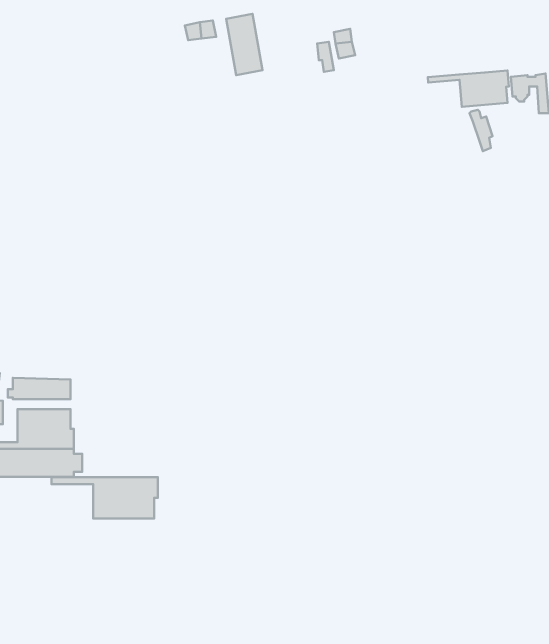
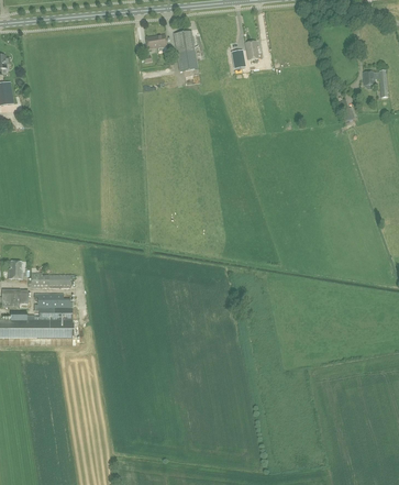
building: [428,70,509,107] -> none
building: [51,477,158,518] -> none

